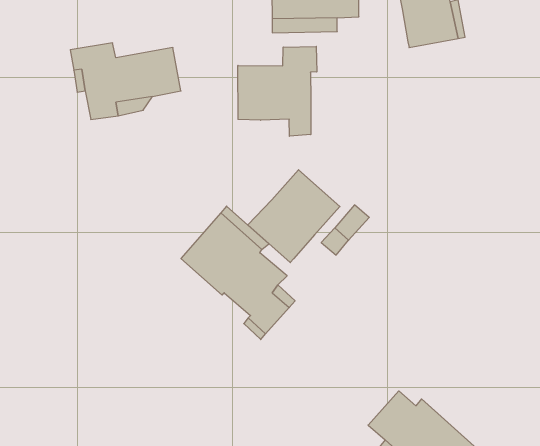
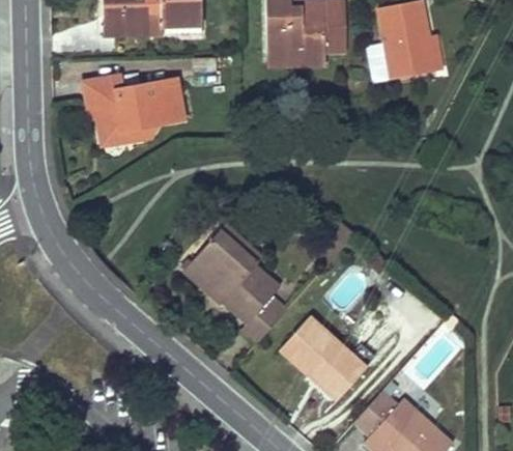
building: [238,46,317,136] -> none
building: [248,170,340,263] -> none
building: none -> [280,315,366,400]

